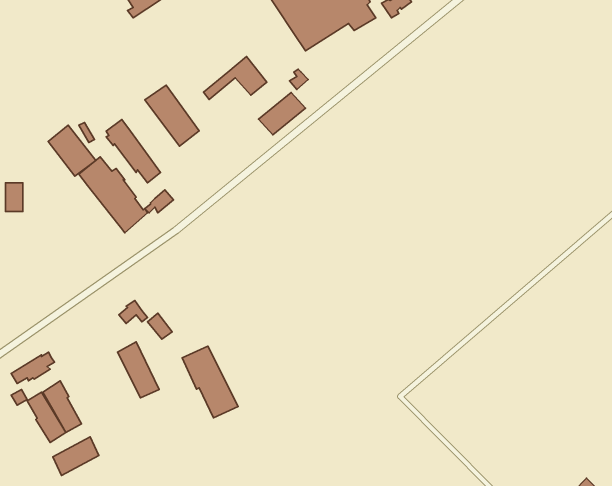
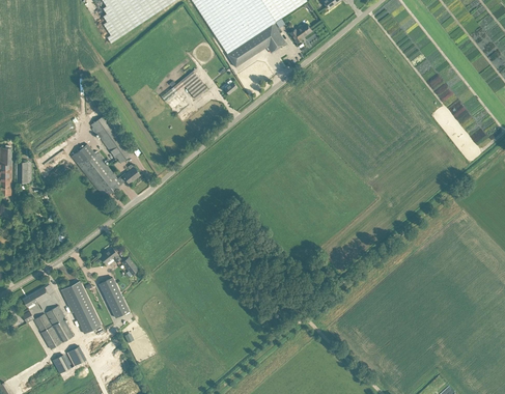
building: [145,85,199,146] -> none
building: [258,92,306,135] -> none
building: [48,125,96,176] -> none
building: [182,346,238,418] -> [60,280,101,332]

